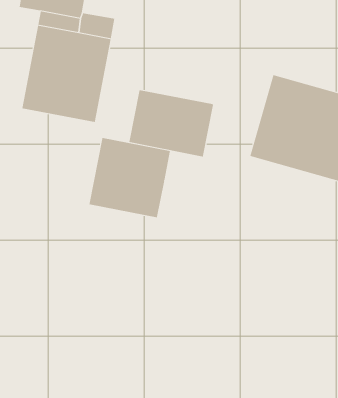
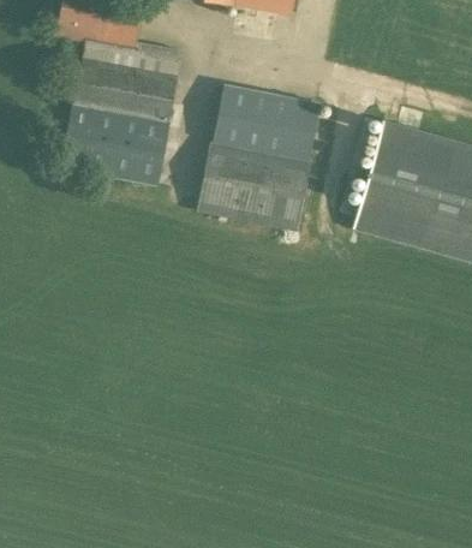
building: none -> [214,85,319,160]
building: [89,137,170,218] -> none

